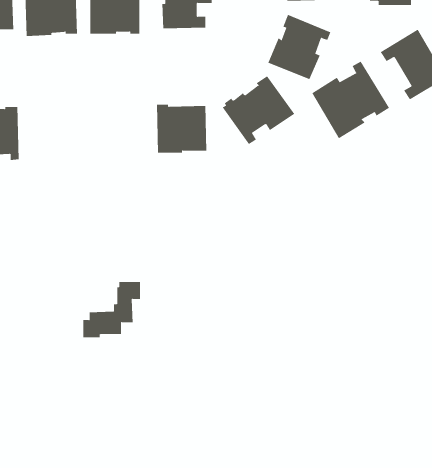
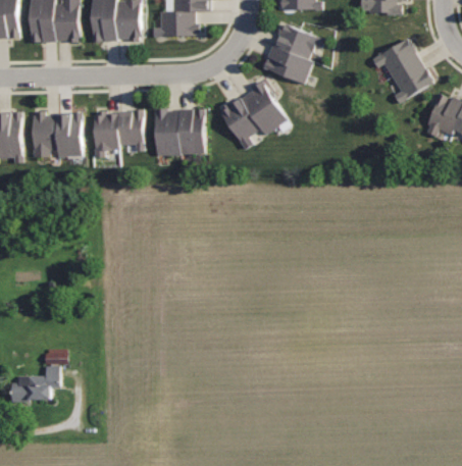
building: [311,61,390,139] -> none
building: none -> [93,108,144,156]
building: none -> [32,110,81,156]
building: [83,281,141,338] -> [10,347,66,401]

